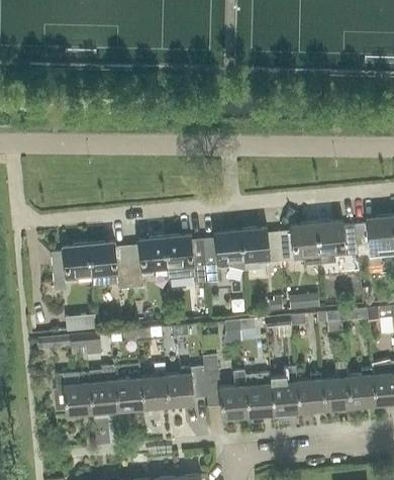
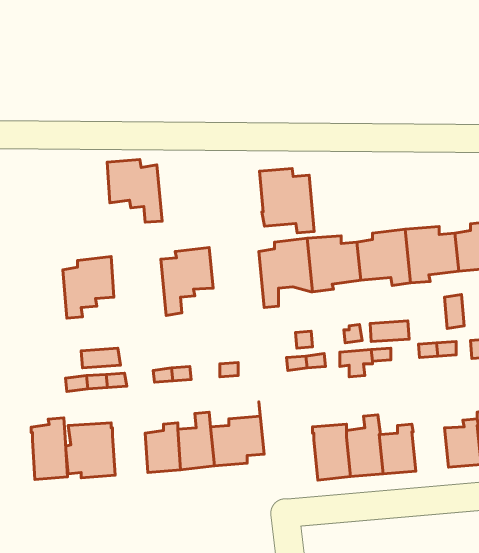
building: [166,235,208,285] -> [259,169,314,233]
building: [90,243,132,291] -> [107,160,162,222]
building: [204,356,250,419] -> none
building: [322,362,351,410] -> none
building: [90,366,118,413] -> [31,418,68,479]

